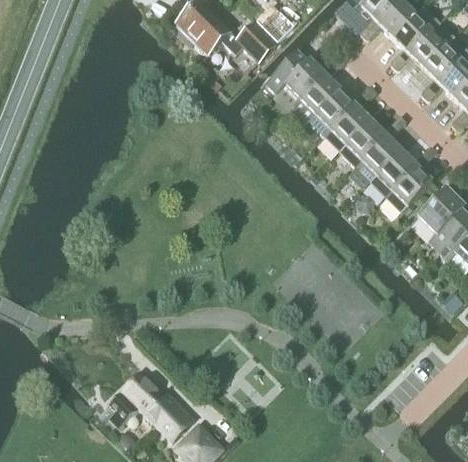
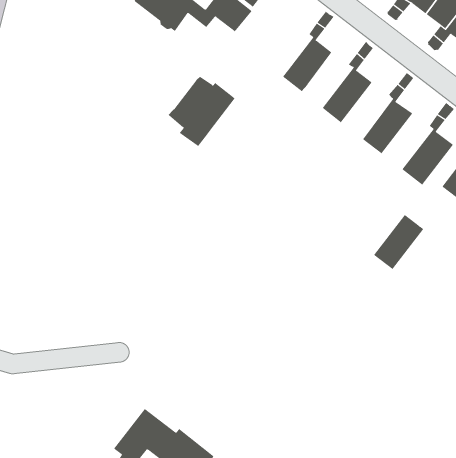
building: [265,50,325,110] -> [167,76,236,147]
building: [310,88,356,134] -> none
building: [340,118,386,165] -> none
building: [371,149,417,195] -> [373,214,424,270]

